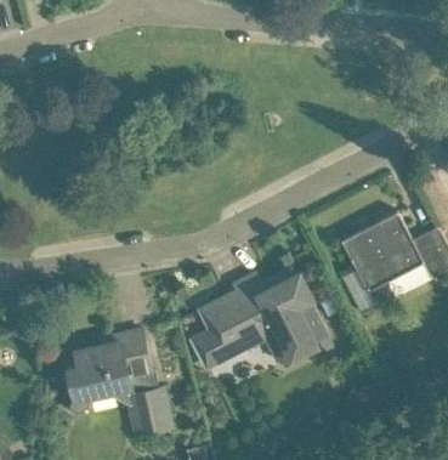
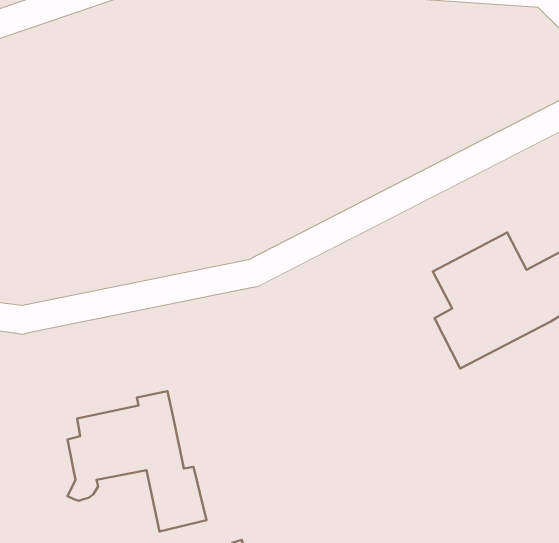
building: [187,268,330,367] -> none

